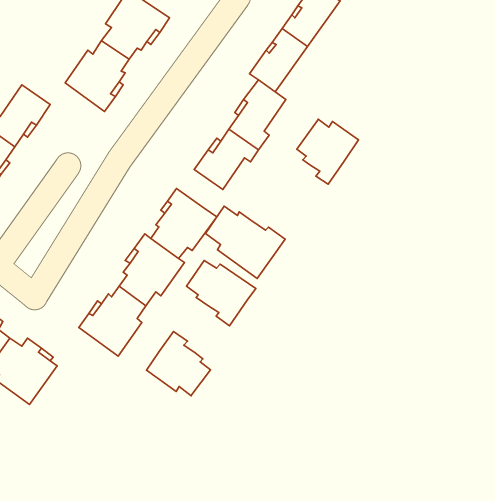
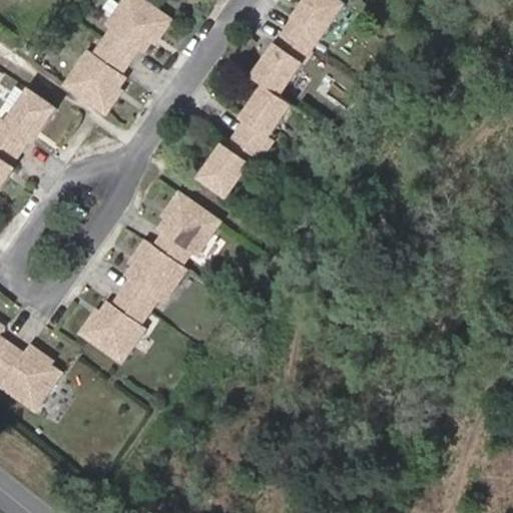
building: [297,119,359,184] -> none
building: [206,206,285,279] -> none
building: [186,261,256,326] -> none
building: [146,331,210,396] -> none

